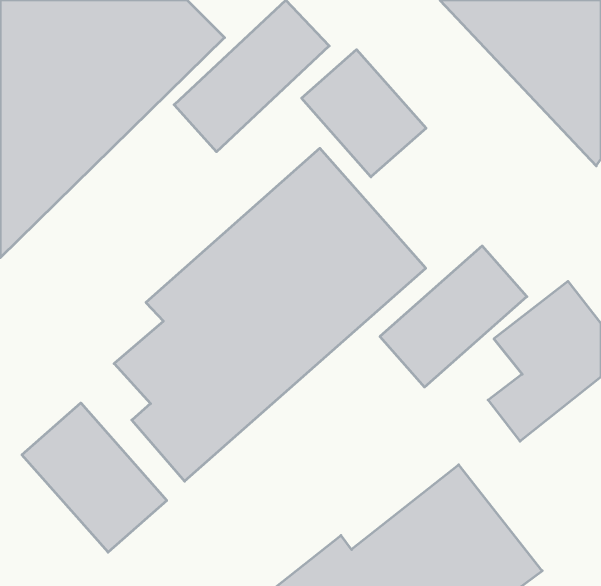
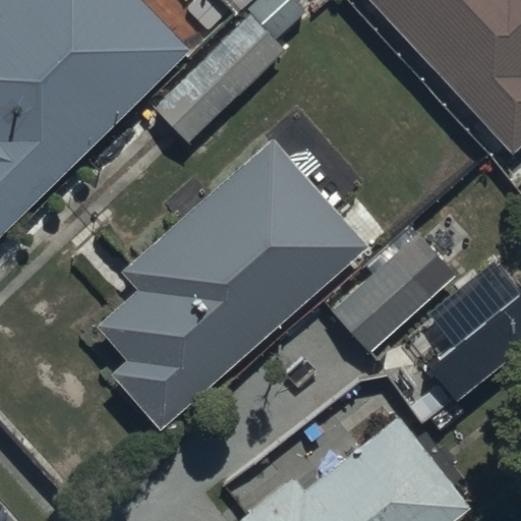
building: [302,50,426,177] -> none
building: [22,403,167,552] -> none

